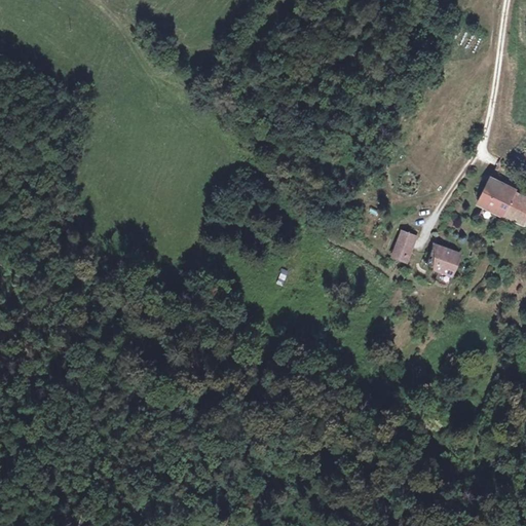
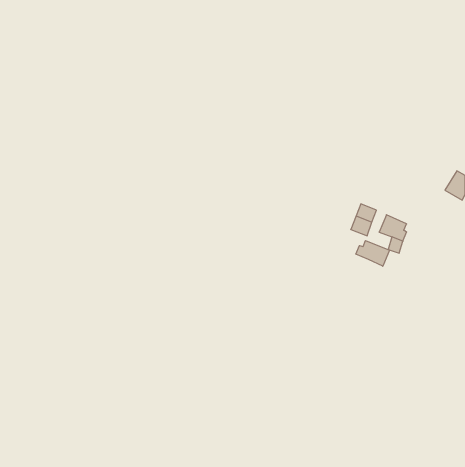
building: [475,177,514,214] -> none
building: none -> [356,241,390,266]

